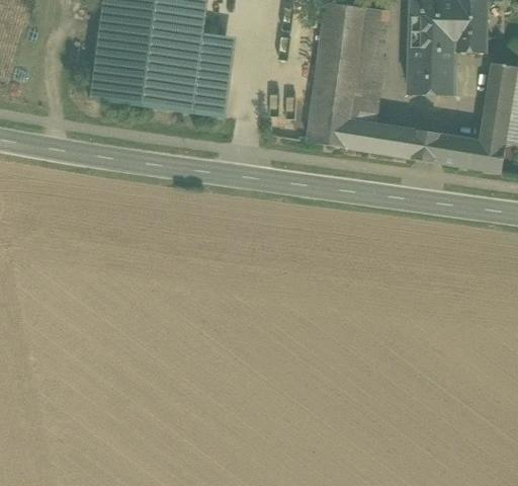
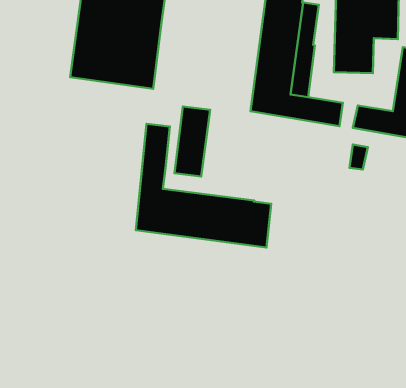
building: [188,31,232,116] -> [174,107,210,176]
building: [415,130,437,160] -> [350,145,368,170]
building: none -> [136,124,271,247]

